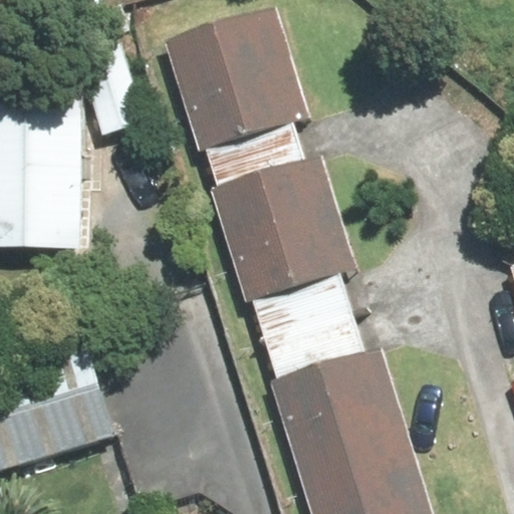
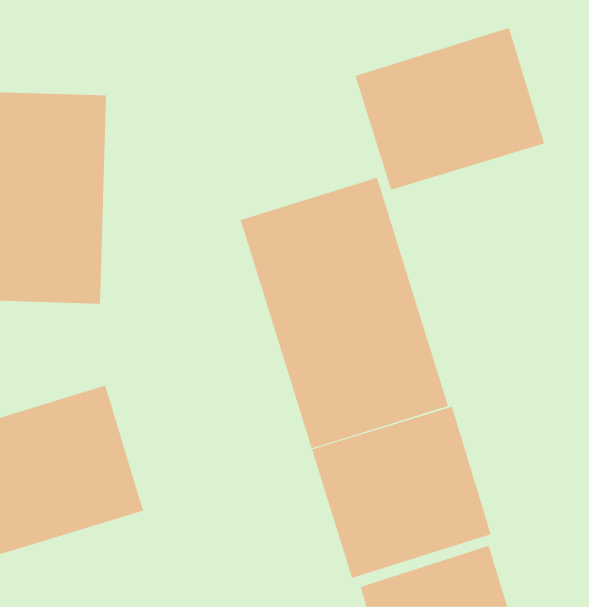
building: none -> [355,27,545,191]
building: [163,24,310,186] -> none

